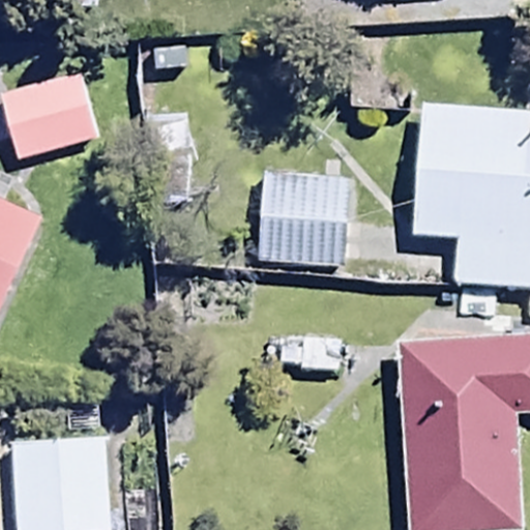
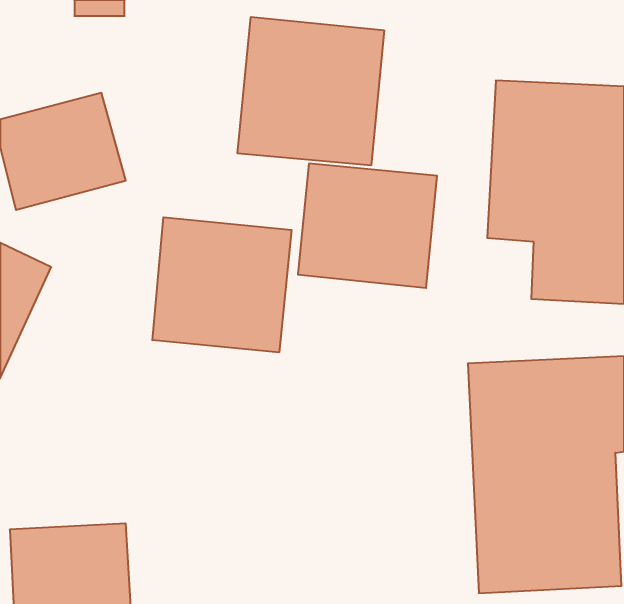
building: none -> [238,17,384,165]
building: none -> [152,217,292,352]

